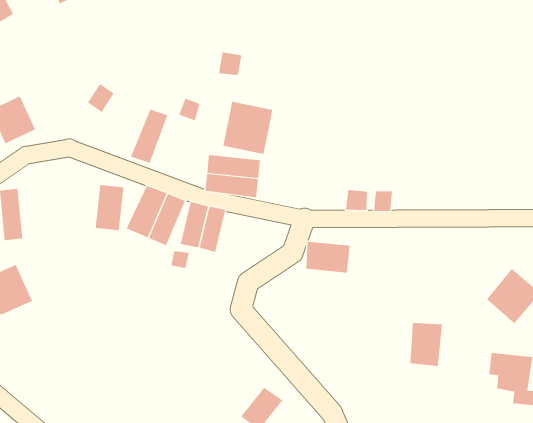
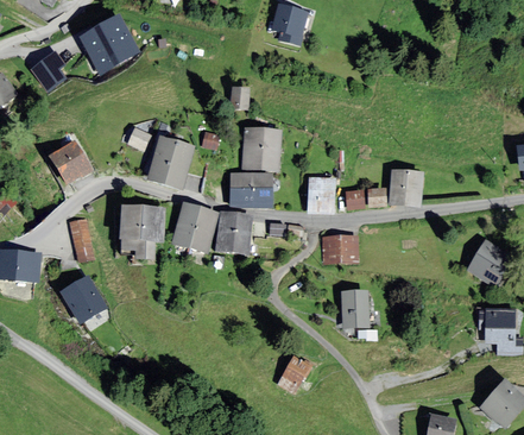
building: none -> [151,137,181,182]
building: none -> [309,177,334,209]
building: none -> [391,171,423,204]
building: none -> [122,207,154,257]
building: [409,323,443,366] -> [341,291,366,326]

